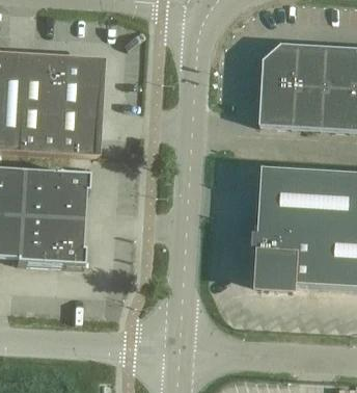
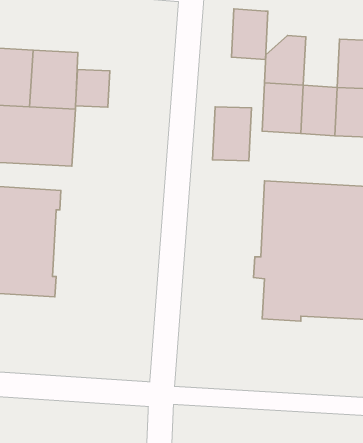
building: [296,43,327,86] -> [232,9,268,60]
building: none -> [76,70,110,107]
building: none -> [212,107,251,161]

